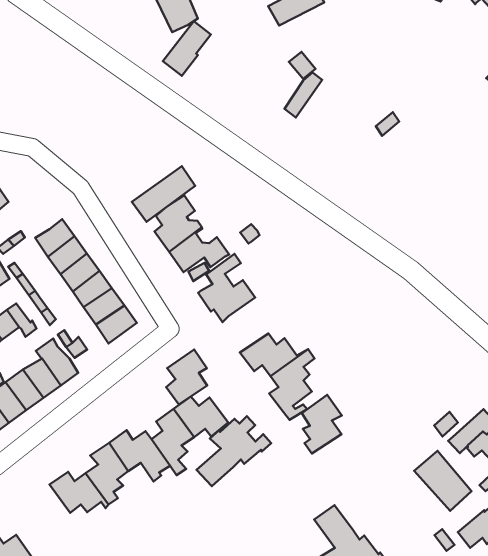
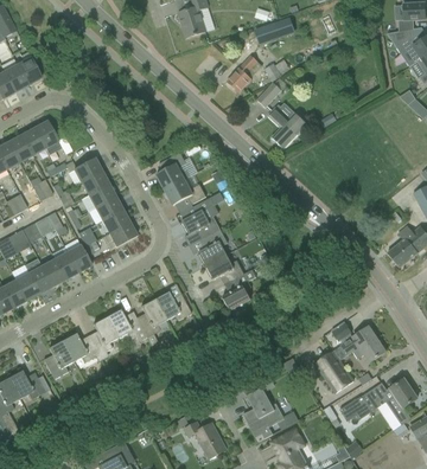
building: [163,21,211,76] -> [227,56,262,92]
building: none -> [268,107,307,148]
building: [132,166,195,222] -> none
building: [166,349,207,404] -> [198,229,228,265]
building: [302,395,342,453] -> none
building: [197,416,271,486] -> none
building: none -> [43,340,74,379]

